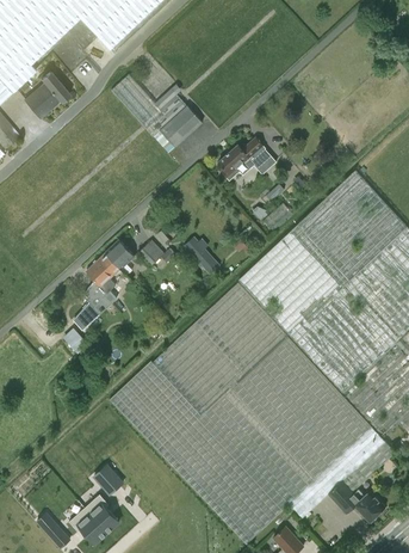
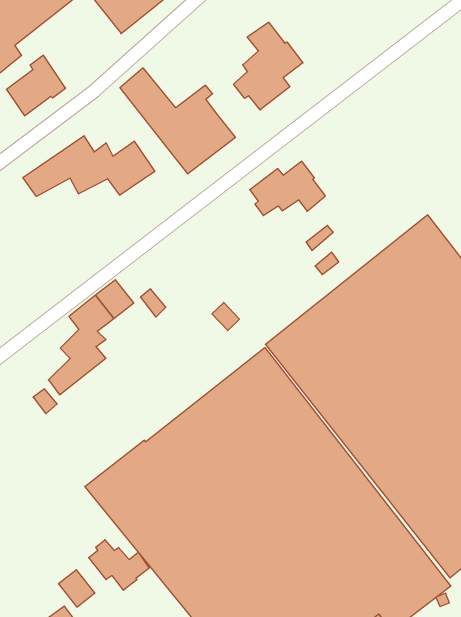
building: none -> [234,22,303,110]
building: none -> [23,136,155,196]
building: none -> [89,540,149,590]

